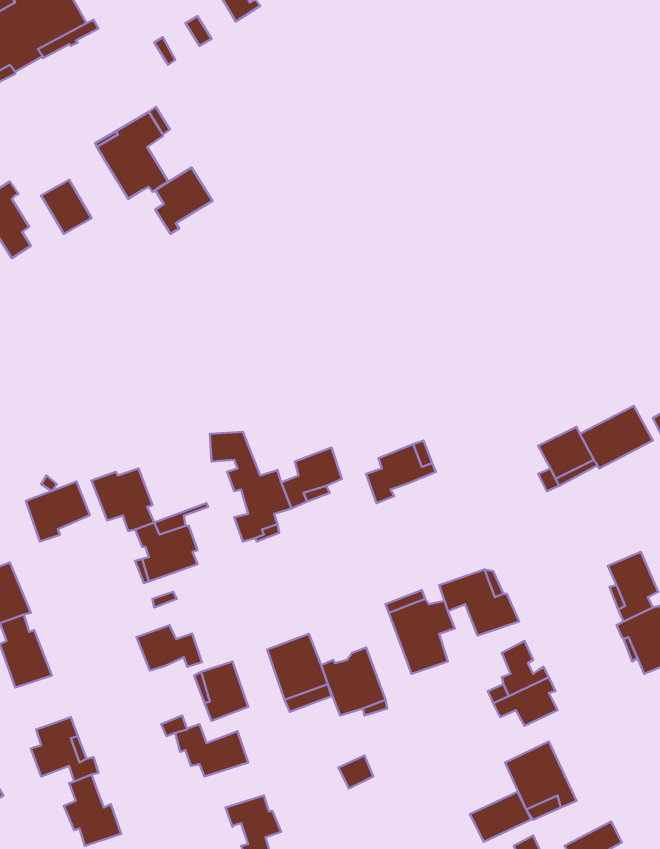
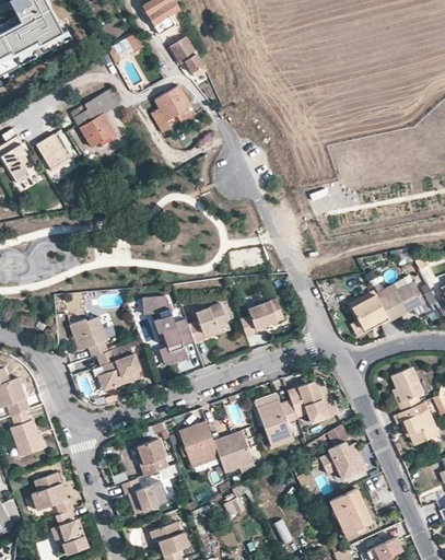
building: none -> [169,36,202,72]
building: [155,168,212,234] -> [154,86,190,128]
building: [26,482,90,541] -> none
building: [137,625,202,670] -> none
building: [470,792,531,842] -> none

